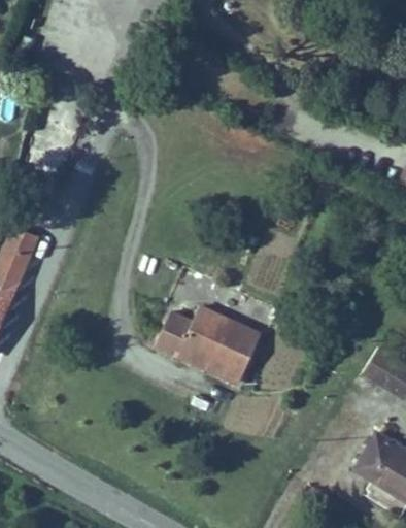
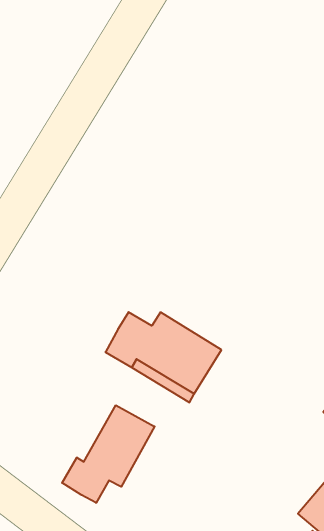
building: none -> [62,405,155,503]

